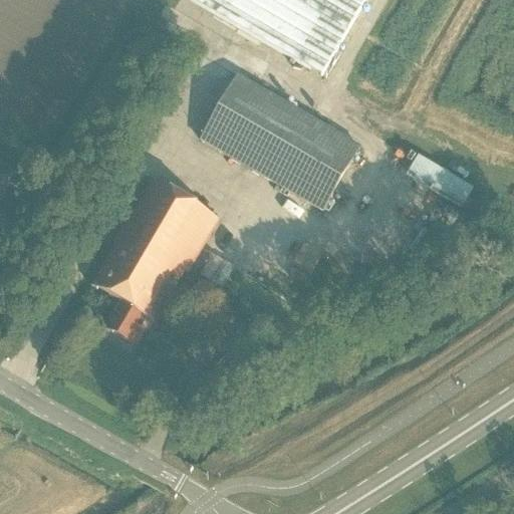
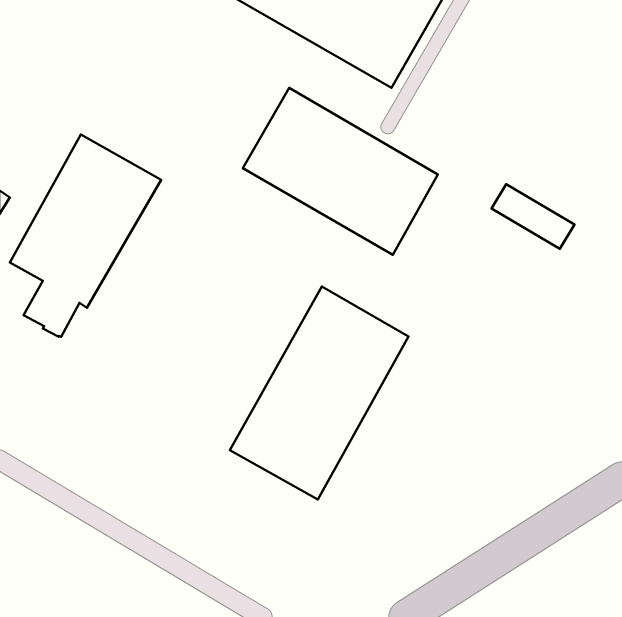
building: [91,178,216,344] -> [10,135,161,337]
building: none -> [230,286,408,499]

